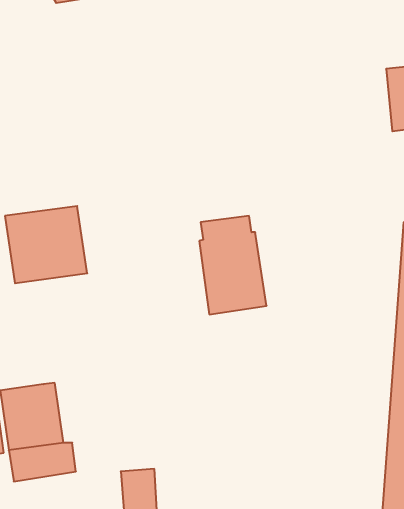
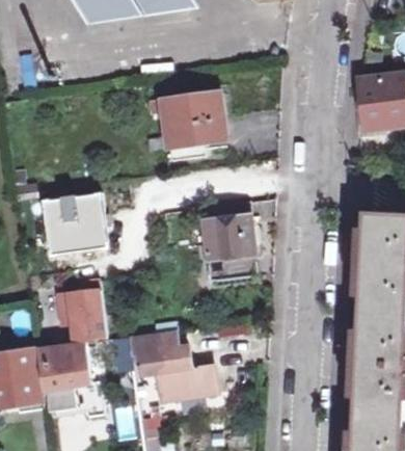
building: none -> [145,92,224,147]
building: none -> [55,280,103,342]
building: none -> [108,330,213,400]

